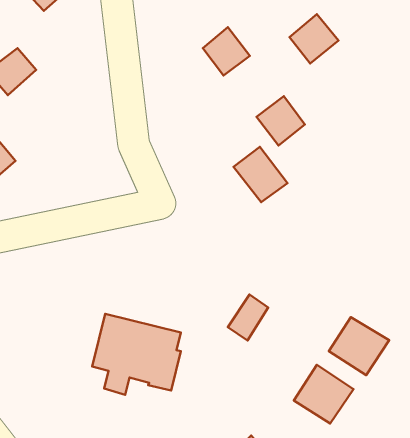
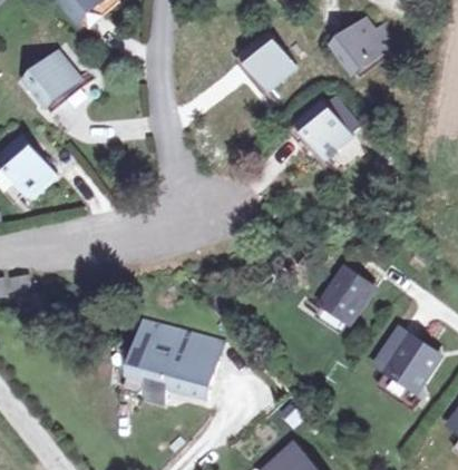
building: [234,147,287,202] -> none
building: [228,294,268,340] -> [324,274,366,321]
building: [294,365,353,423] -> none

